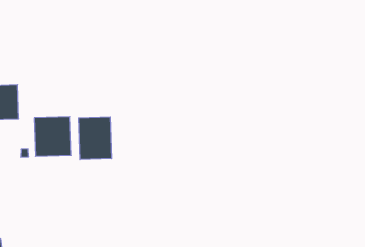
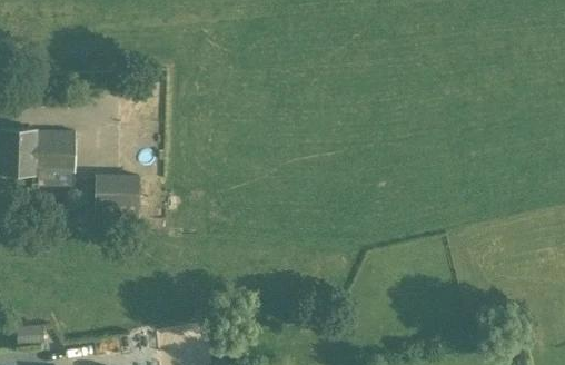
building: [79,117,112,160] -> none

